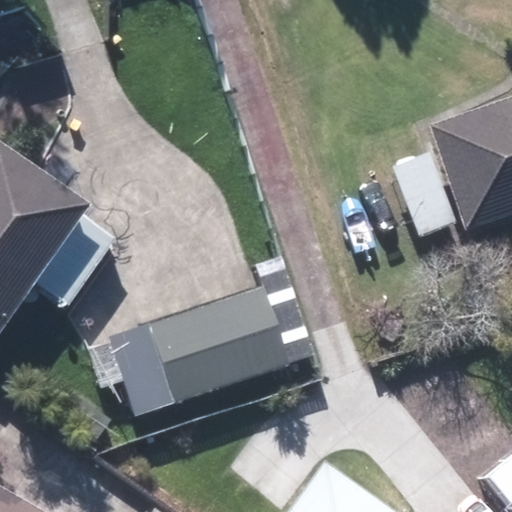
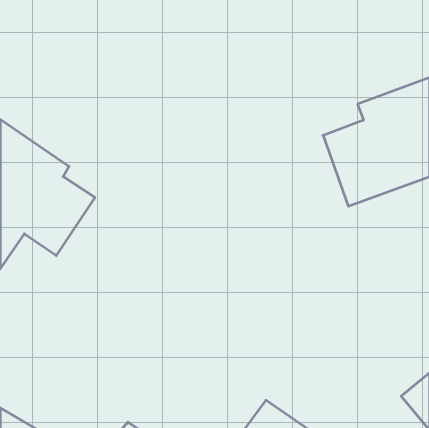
building: [113,291,287,410] -> none

